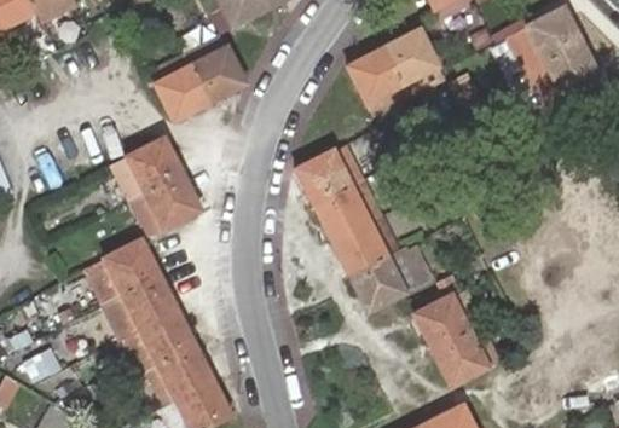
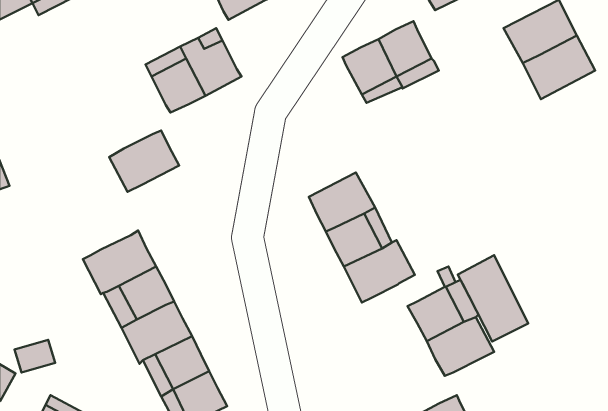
building: [294,145,360,204] -> none
building: [131,173,201,235] -> none
building: none -> [458,255,528,342]

